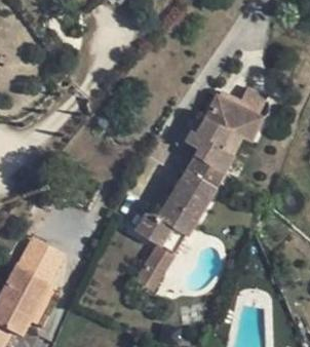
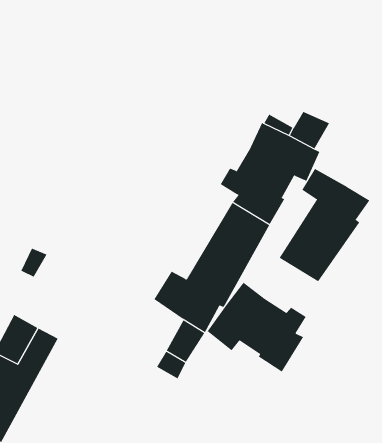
building: none -> [279,168,370,282]
building: none -> [207,282,306,372]

